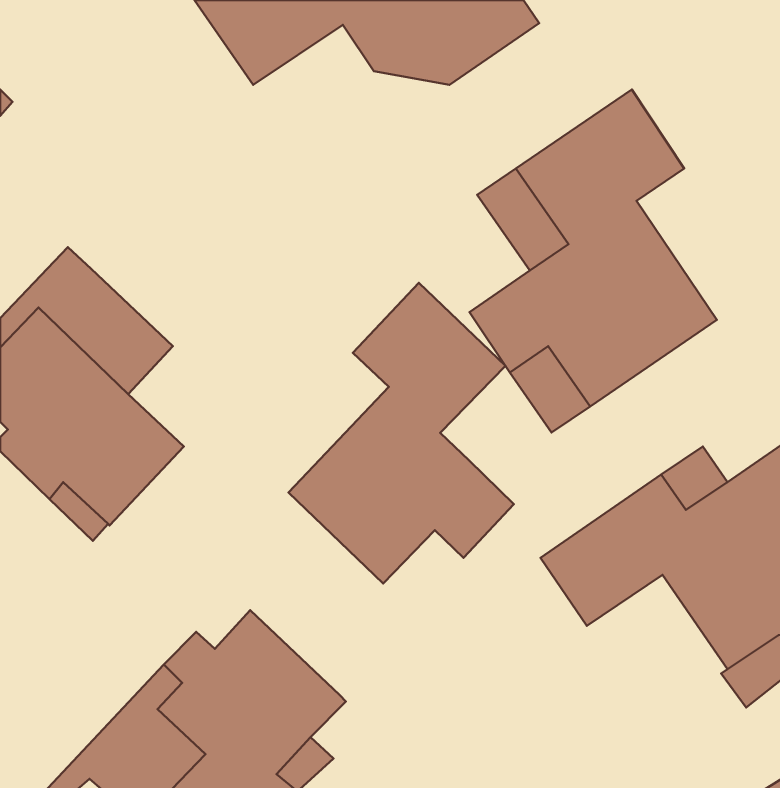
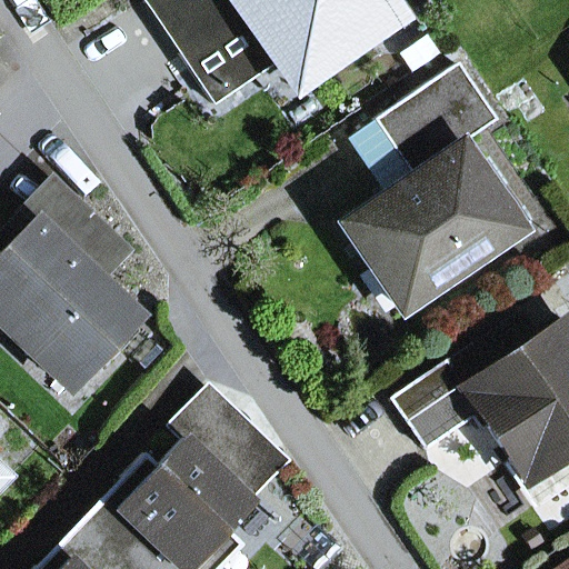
building: none -> [189,19,330,106]
building: [288,283,514,583] -> none
building: none -> [174,388,289,501]

